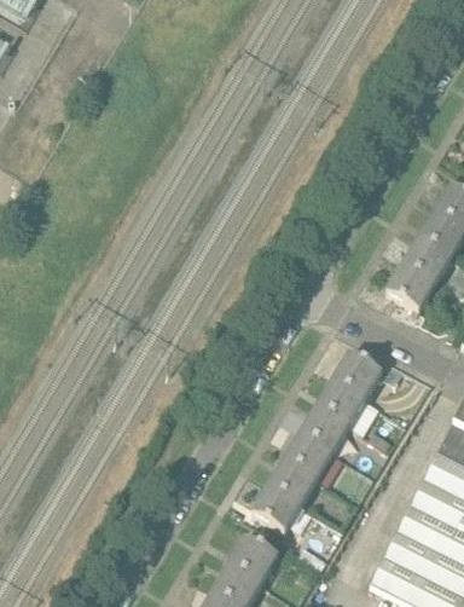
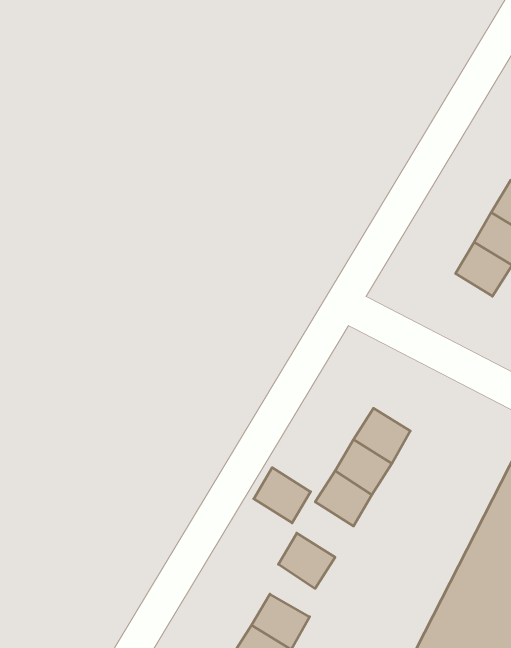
building: [388,261,436,308] -> none
building: [335,349,383,395] -> none
building: [269,456,318,503] -> [254,468,311,523]

